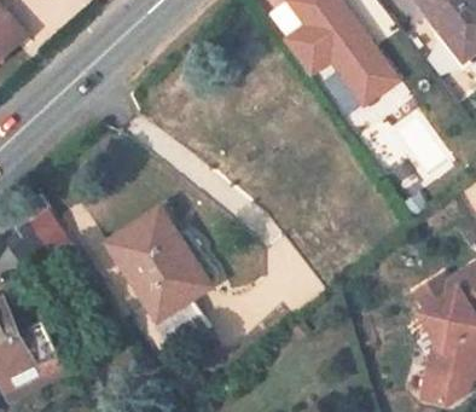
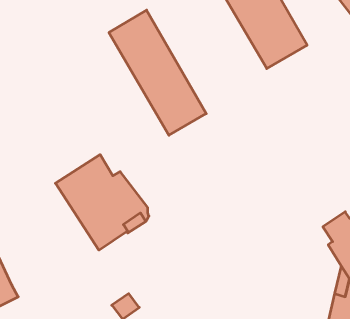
building: none -> [109,10,206,135]

